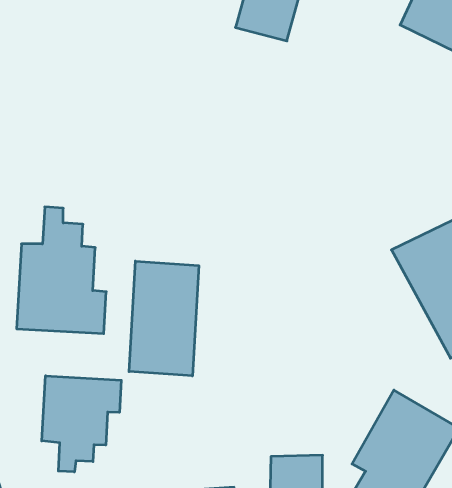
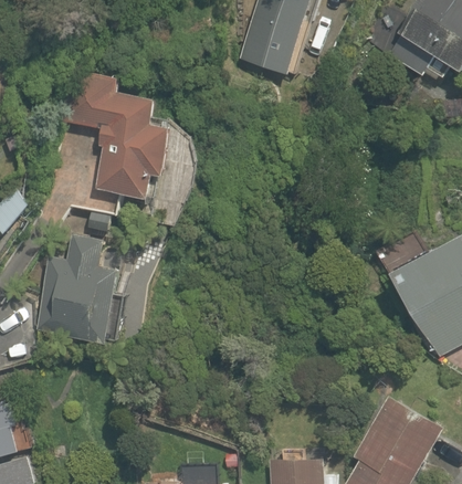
building: none -> [62,83,166,197]
building: [129,261,199,376] -> none
building: [42,376,121,472] -> none

